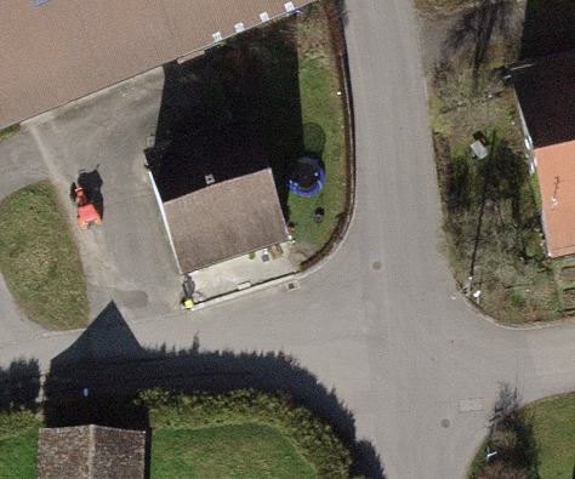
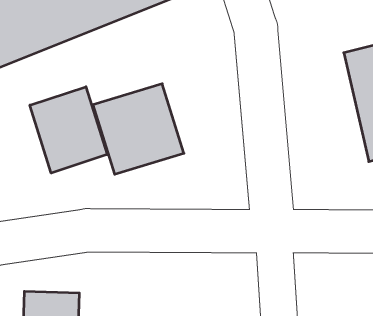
building: none -> [30,87,107,173]

